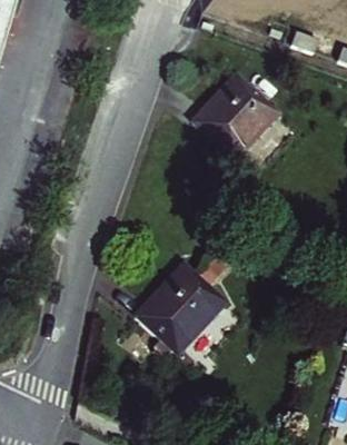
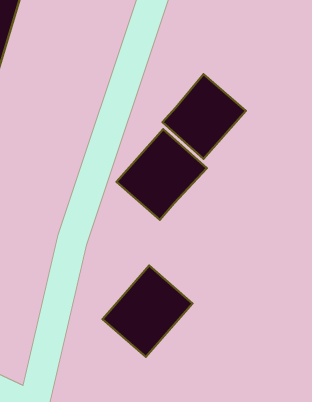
building: none -> [117,129,207,220]

